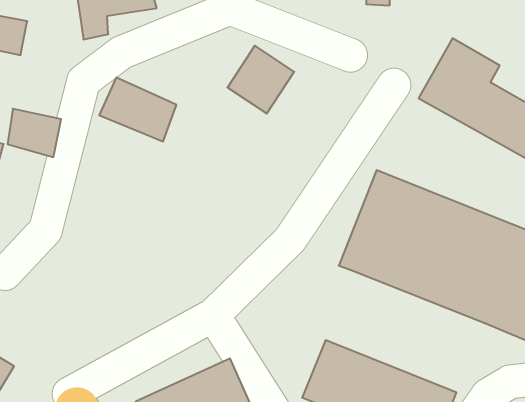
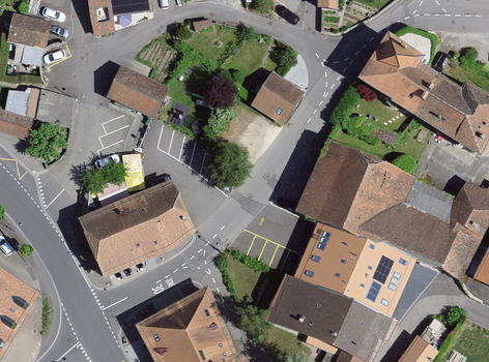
building: [227,46,294,114] -> [251,72,304,126]
building: none -> [79,182,195,276]
building: none -> [286,219,412,315]

